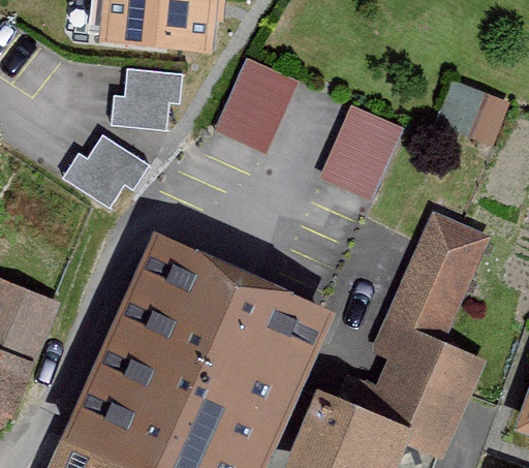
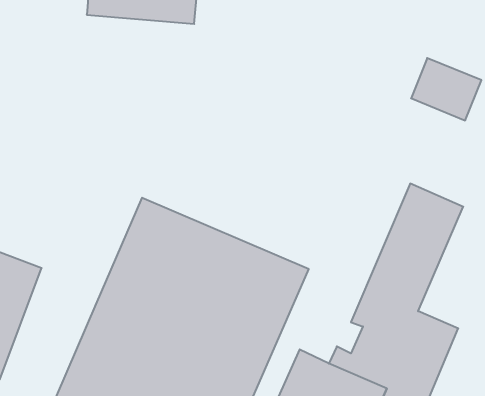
building: [212,59,295,155] -> none
building: [110,69,182,130] -> none
building: [318,105,402,199] -> none
building: [61,135,149,208] -> none

